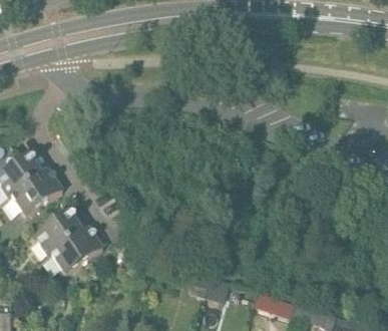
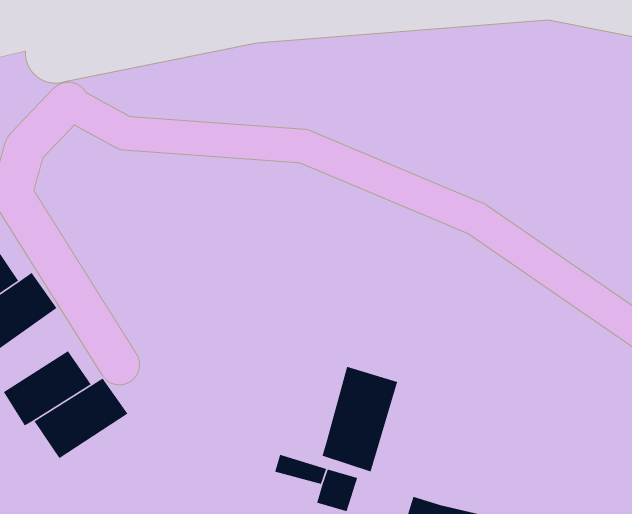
building: none -> [321,366,398,472]

